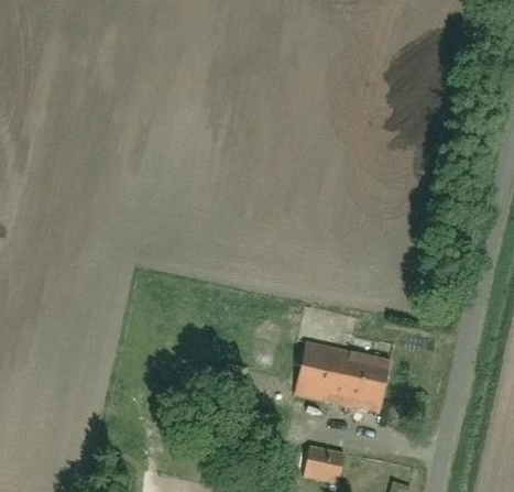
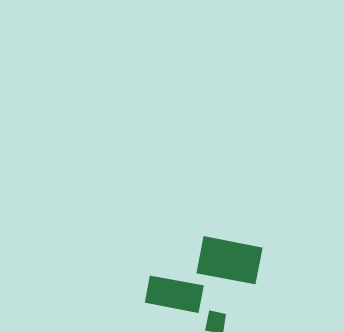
building: none -> [144,275,205,314]

